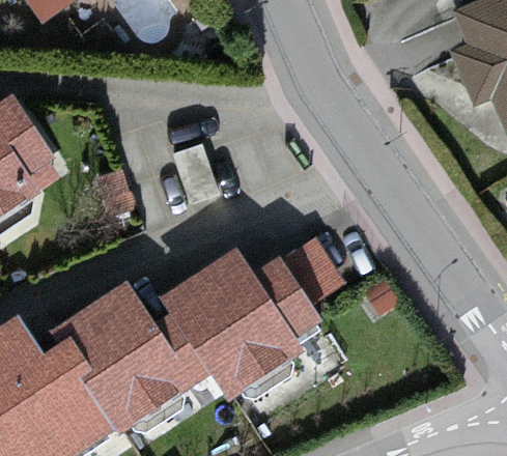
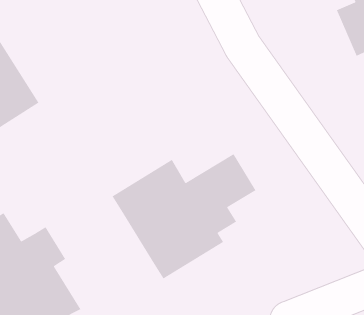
building: [51,279,212,440] -> none

